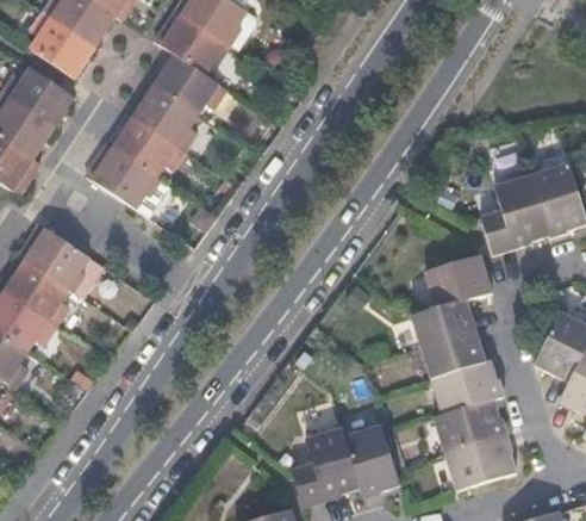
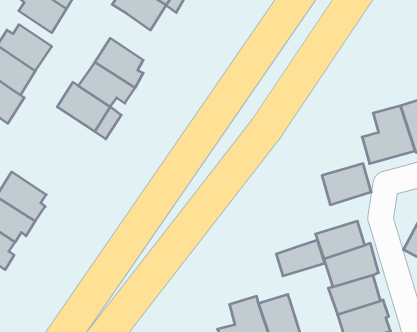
building: [151,55,223,116] -> none
building: [15,225,88,291] -> none
building: [410,296,473,342] -> [276,240,325,276]

